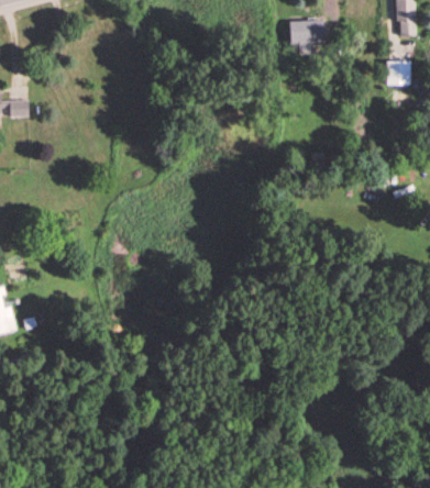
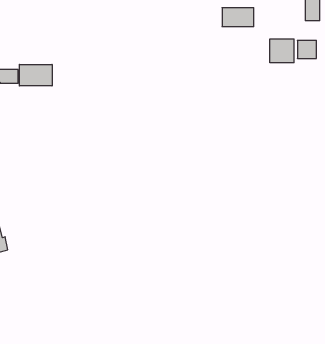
building: none -> [270,39,294,63]
building: none -> [19,64,52,86]

